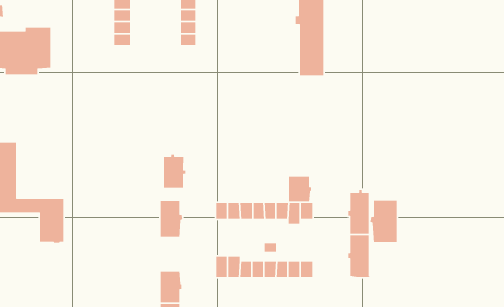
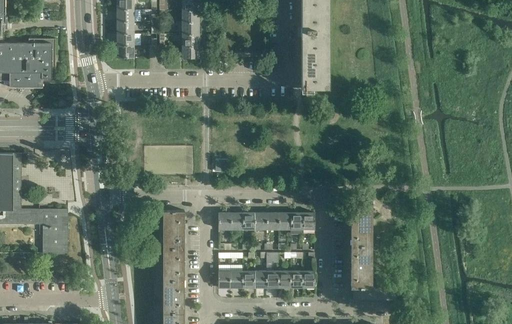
building: [162,154,186,188] -> none
building: [288,176,312,202] -> none
building: [370,200,399,243] -> none
building: none -> [163,248,185,281]

